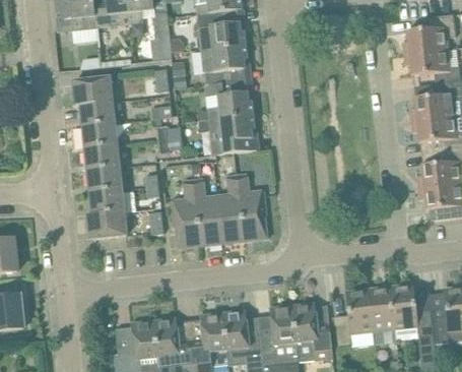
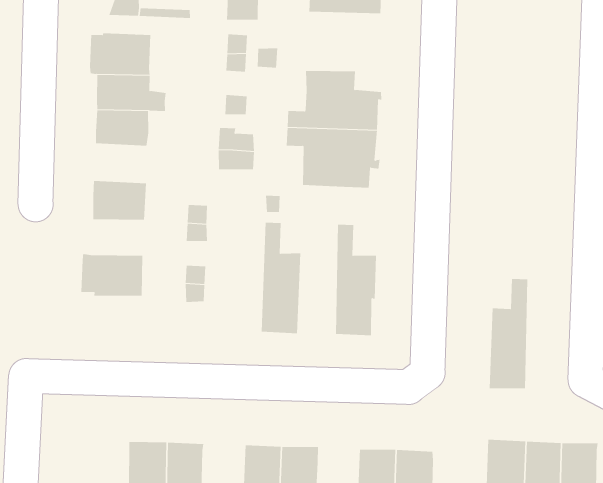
building: [201,44,250,84] -> none
building: [84,143,119,169] -> none
building: [217,174,245,243] -> [489,278,528,389]
building: [171,179,200,248] -> none
building: [89,188,123,213] -> none

